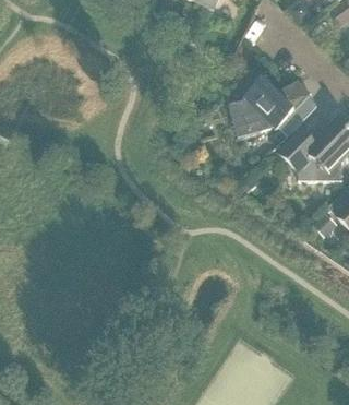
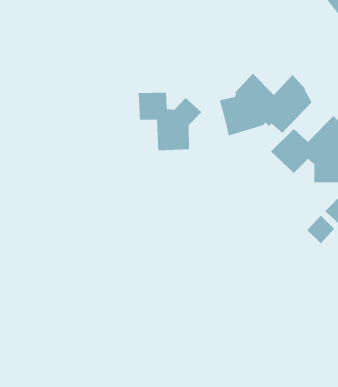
building: none -> [138,92,202,151]

